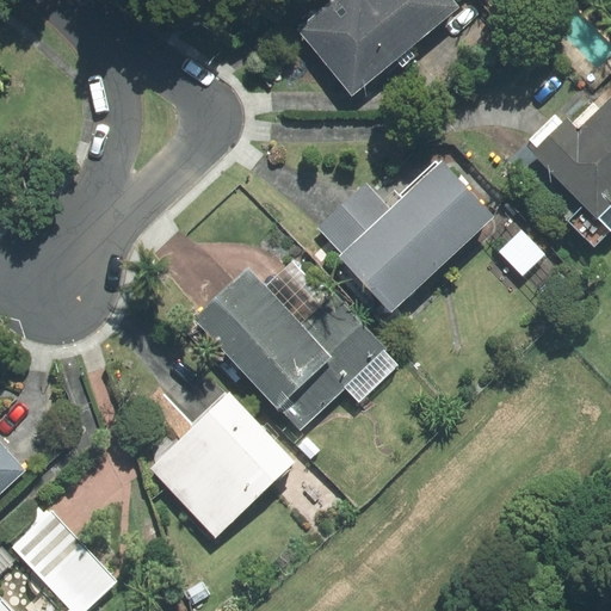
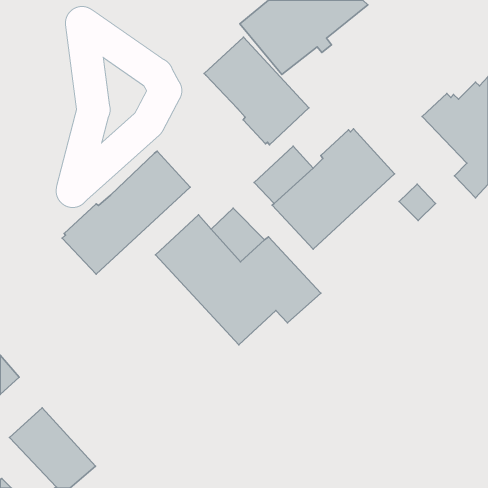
building: none -> [204,37,309,145]
building: none -> [62,151,190,274]
building: [152,394,294,536] -> none

